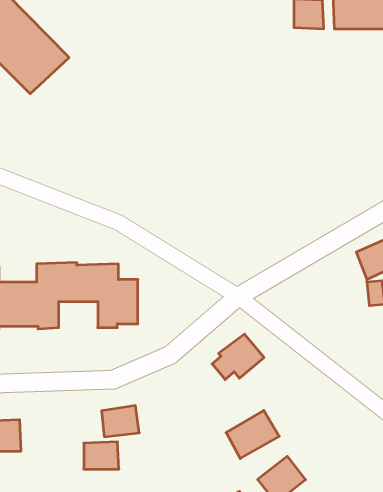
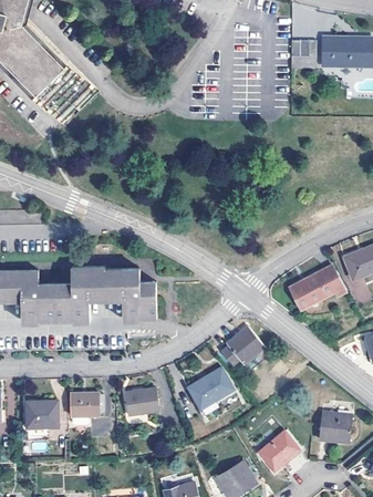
building: none -> [288,267,344,310]
building: [226,410,279,459] -> [187,369,232,410]
building: none -> [319,411,351,444]
building: [84,442,119,469] -> [70,393,100,416]

